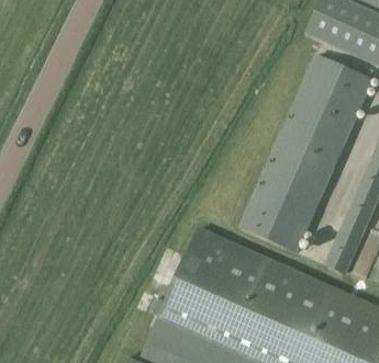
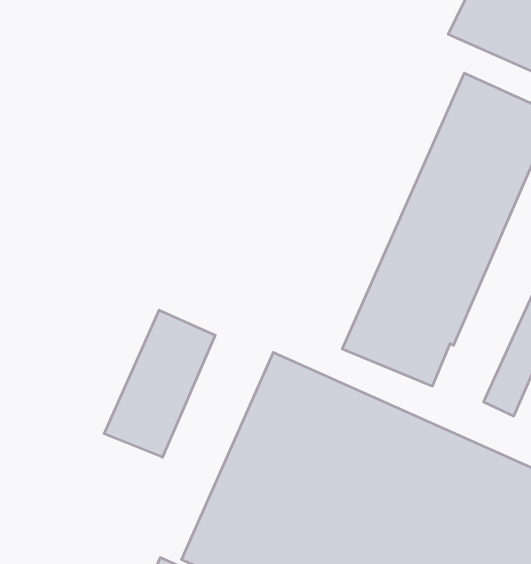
building: none -> [104,310,215,457]

